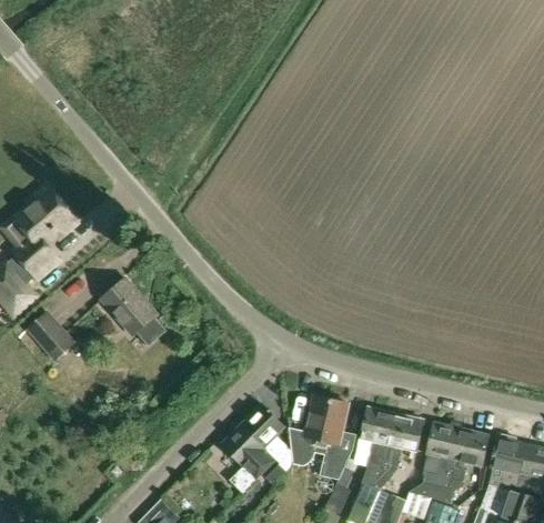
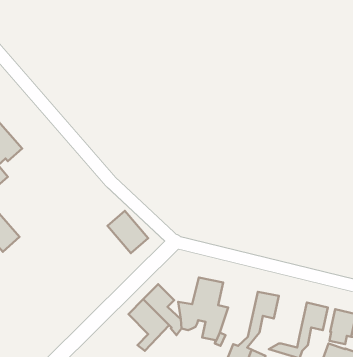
building: [102,278,157,334] -> [107,211,148,253]
building: [361,408,395,486] -> none
building: [422,423,461,489] -> none

